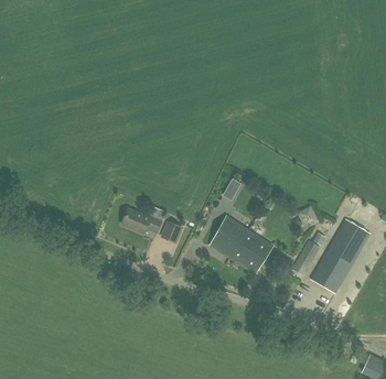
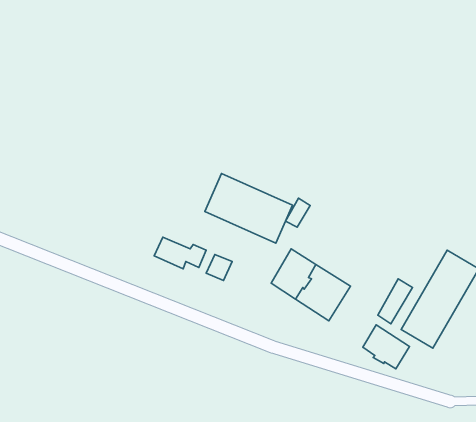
building: none -> [205,174,293,243]
building: none -> [363,325,409,369]

